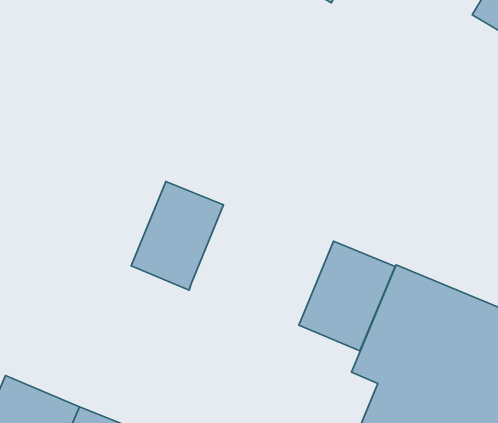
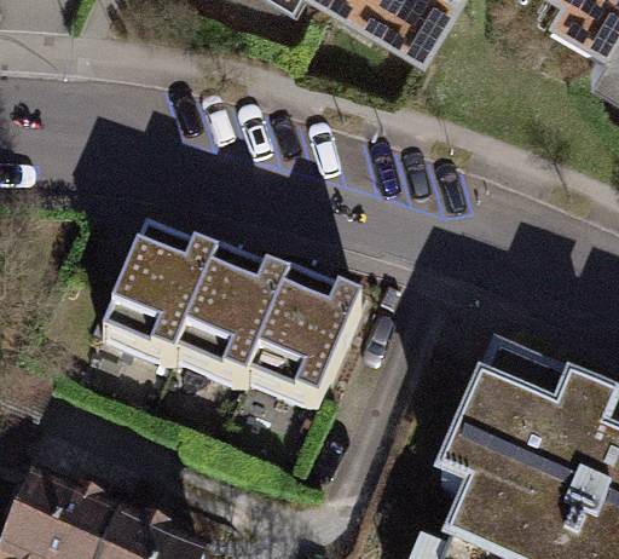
building: none -> [102,224,215,357]
building: [299,241,395,351] -> [248,269,363,399]

